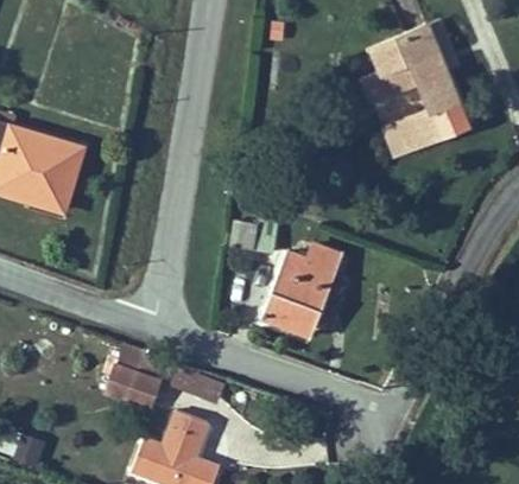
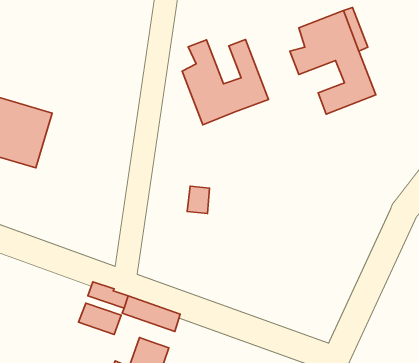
building: none -> [182,39,269,125]
building: [253,246,335,336] -> none

